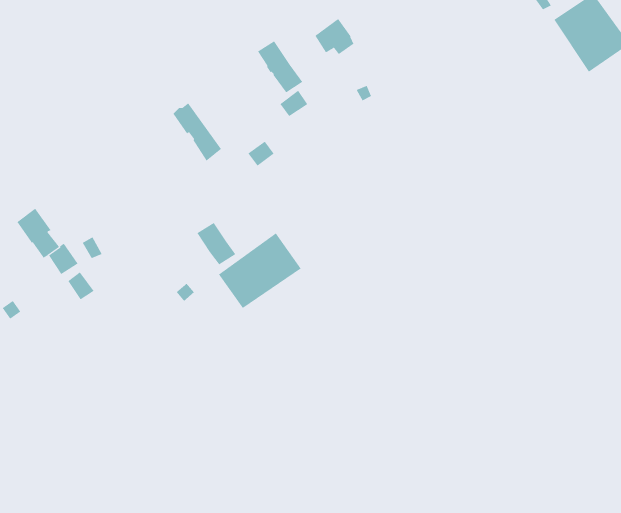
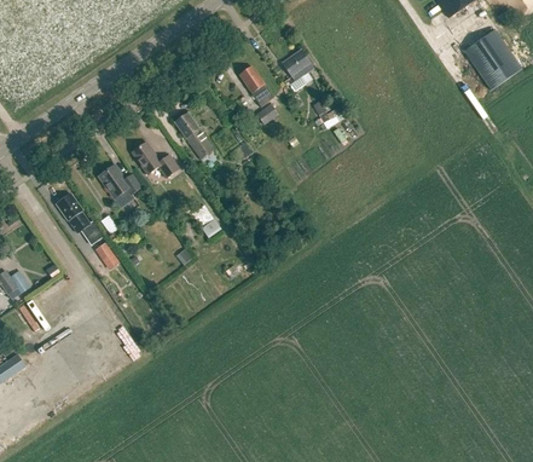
building: none -> [132,140,179,177]
building: none -> [98,163,141,207]
building: [218,233,301,309] -> none

